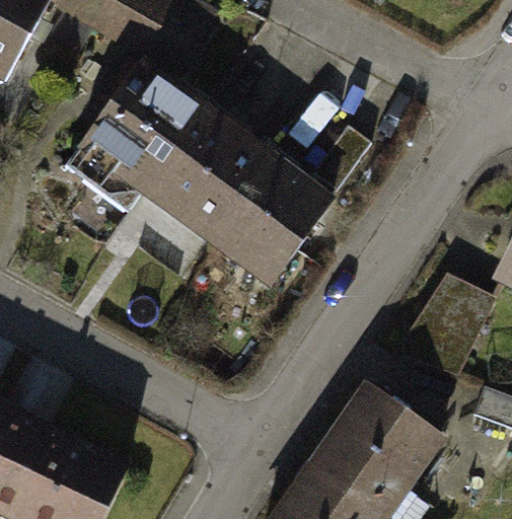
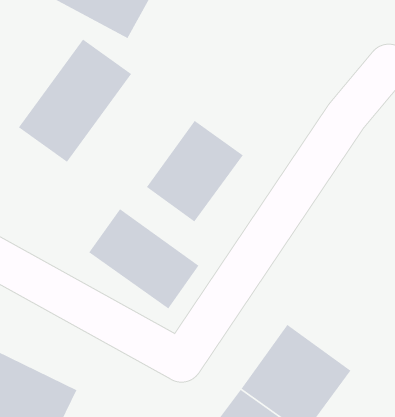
building: [136,107,266,239] -> none
building: none -> [88,208,199,309]
building: [404,286,487,379] -> none

